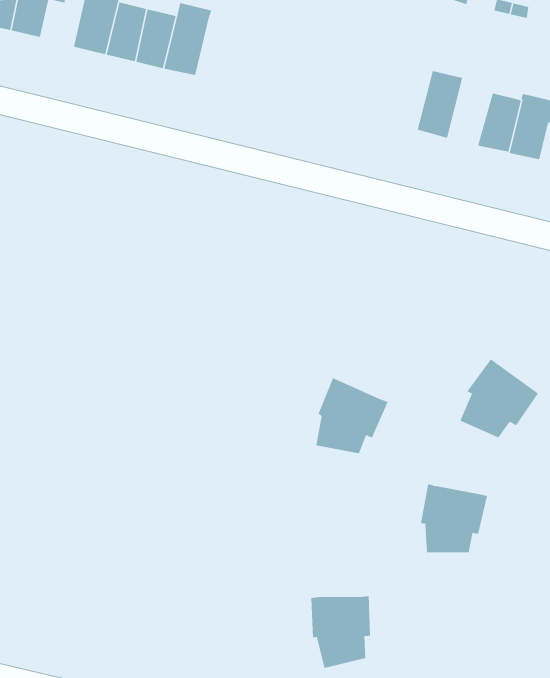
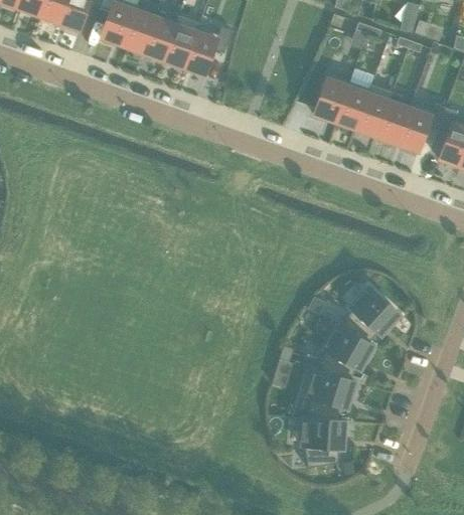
building: none -> [183,26,231,75]
building: none -> [313,73,348,122]
building: none -> [354,84,393,137]
building: [315,377,389,454] -> [319,325,373,380]
building: [311,596,371,668] -> [301,417,344,468]

